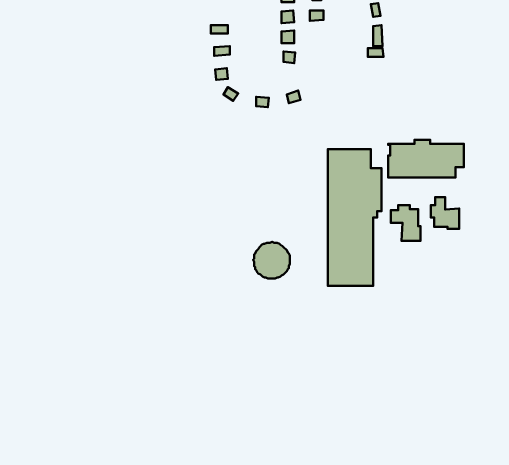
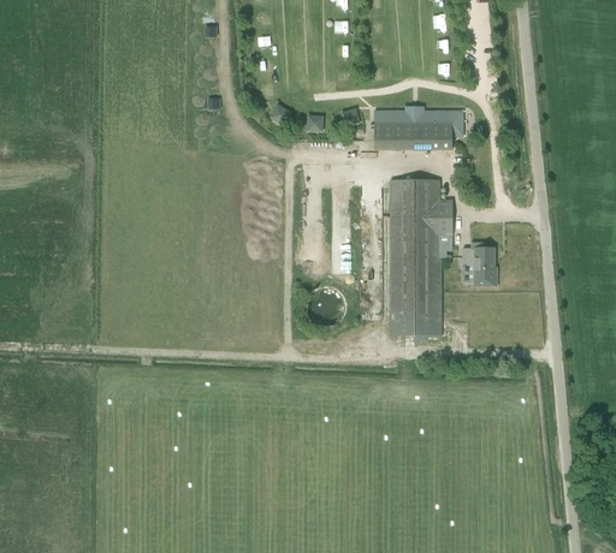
building: [388,140,464,178] -> [374,105,461,148]
building: [431,197,459,229] -> none

